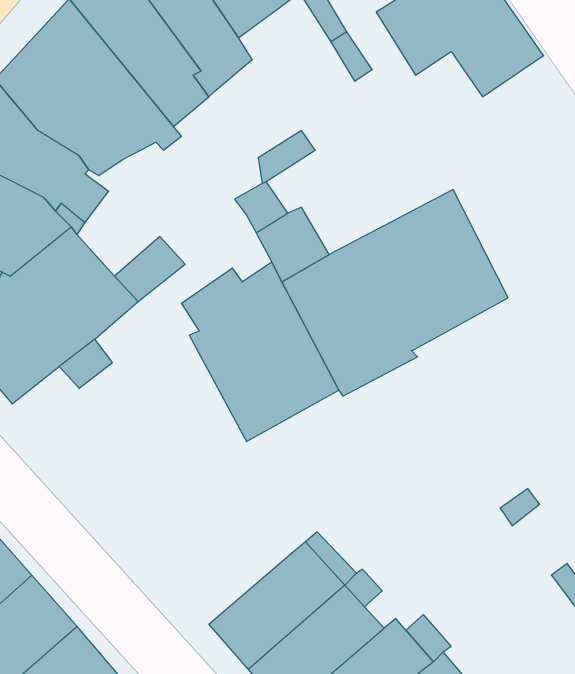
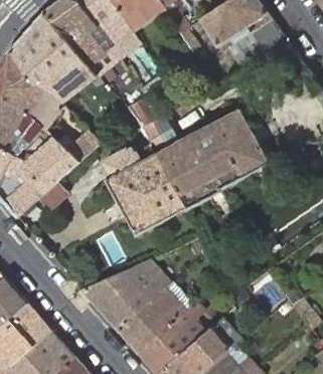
building: none -> [82,267,159,330]

